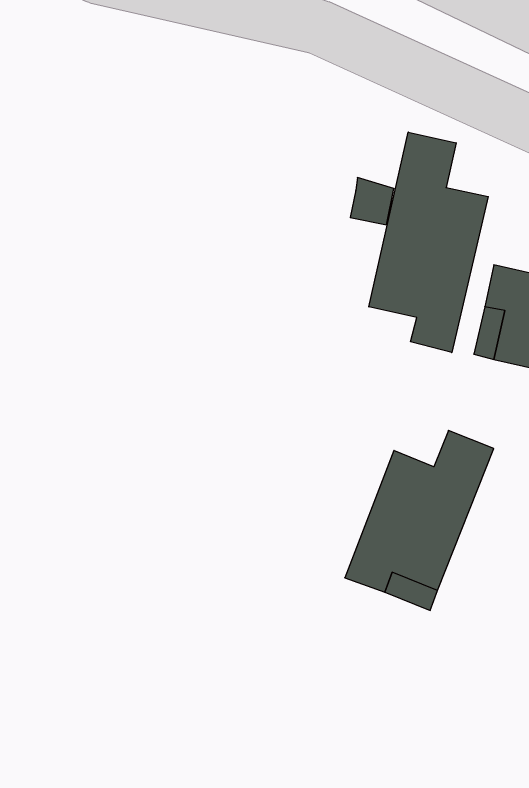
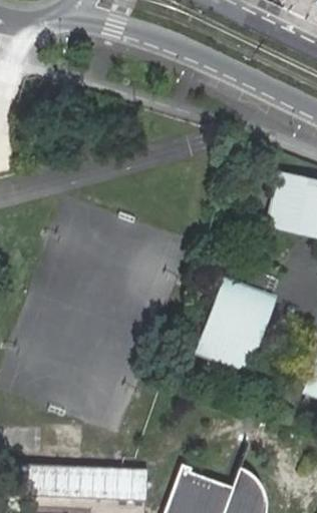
building: [369,132,488,353] -> none

